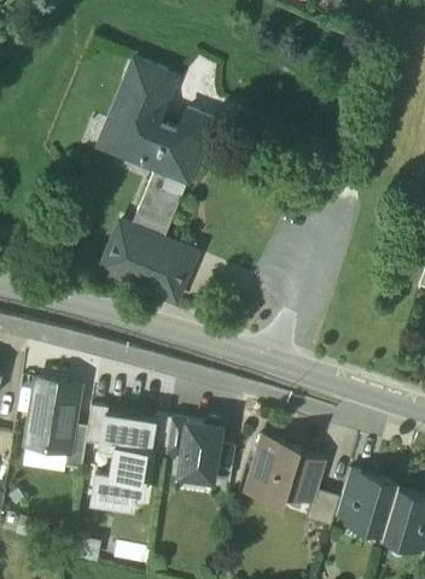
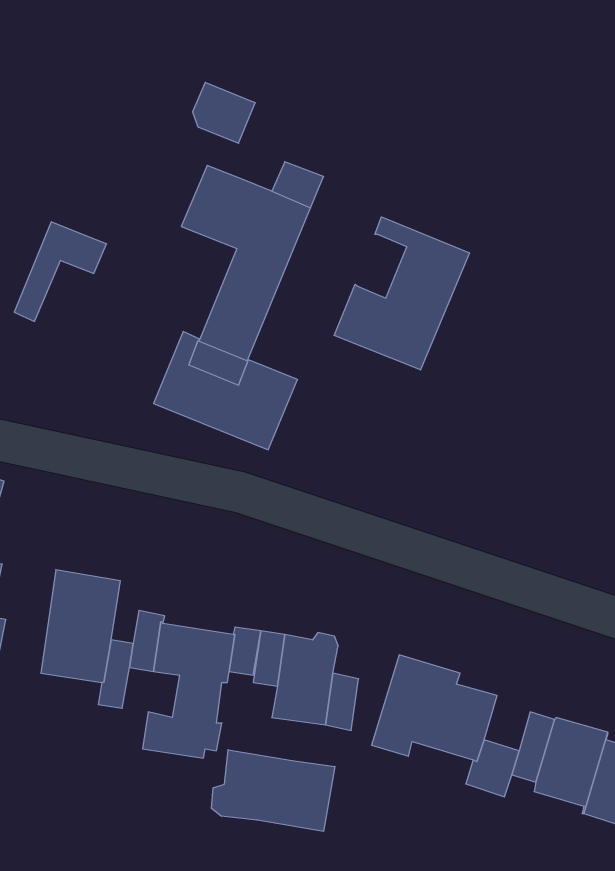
building: [106,88,167,153] -> [14,222,107,321]
building: none -> [334,217,469,370]
building: none -> [211,750,335,831]

